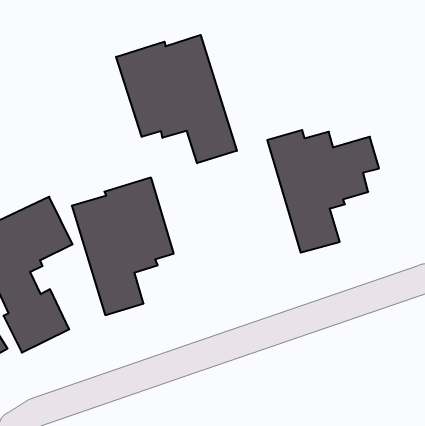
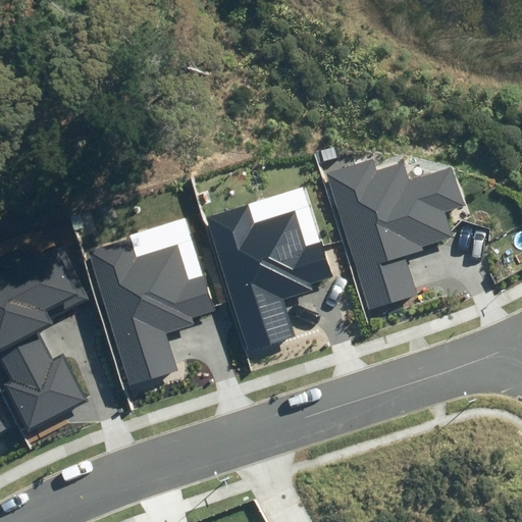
building: [116,35,237,163] -> none
building: none -> [204,204,330,351]

